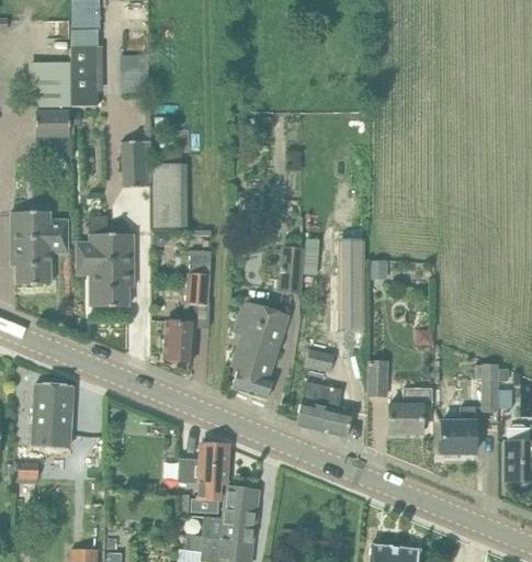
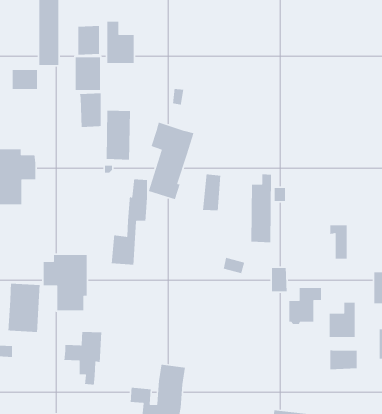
building: none -> [107,21,135,64]
building: [38,63,71,106] -> [75,56,101,91]
building: [77,234,134,306] -> [43,254,88,311]
building: [233,299,292,398] -> [148,122,194,200]
building: [475,366,498,411] -> [330,224,348,260]
building: [295,382,352,438] -> none
building: [179,443,228,513] -> [63,331,102,385]
building: none -> [329,349,357,370]

